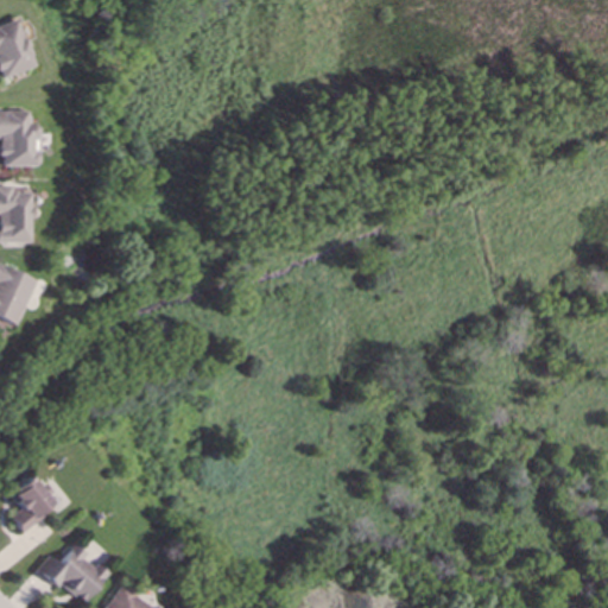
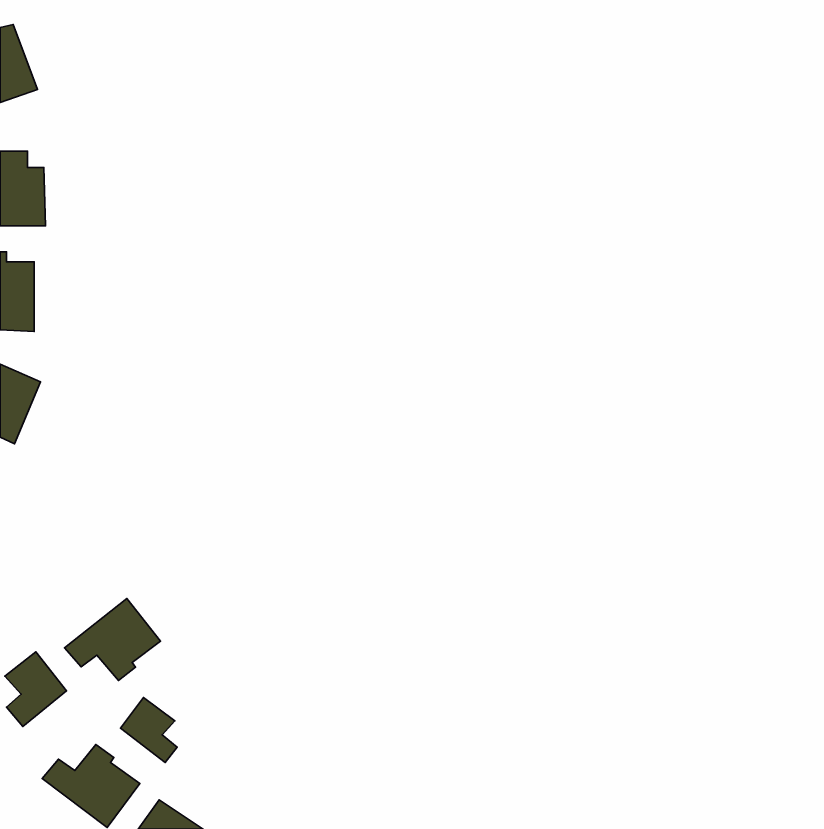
building: none -> [64,598,160,680]
building: none -> [120,697,177,763]

